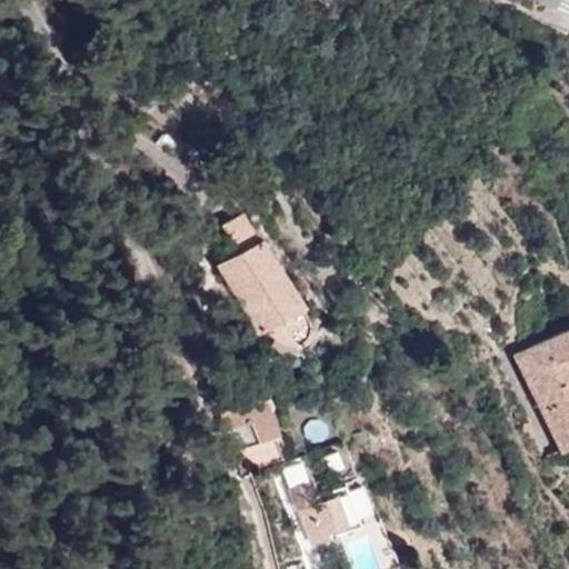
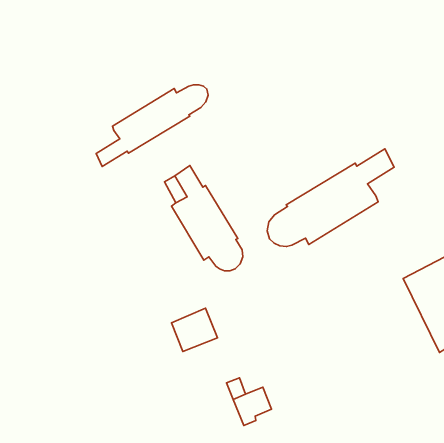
building: none -> [96,85,208,166]
building: none -> [267,149,394,246]

